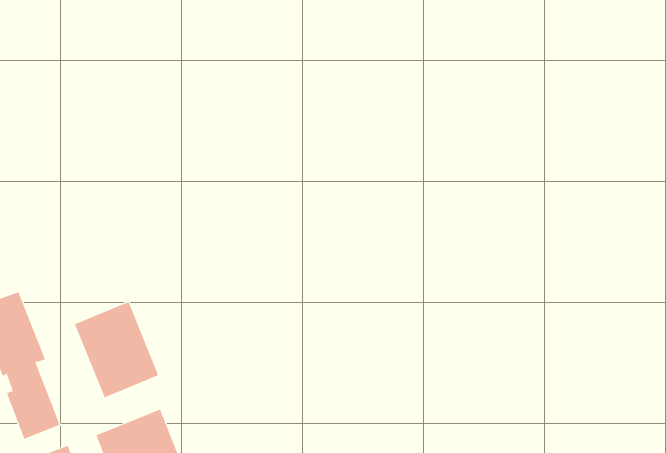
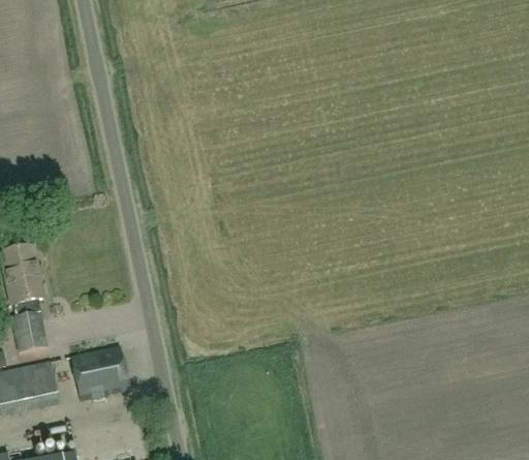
building: [74,301,159,398] -> none

